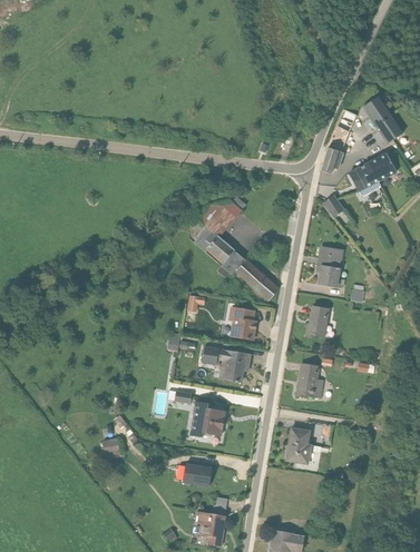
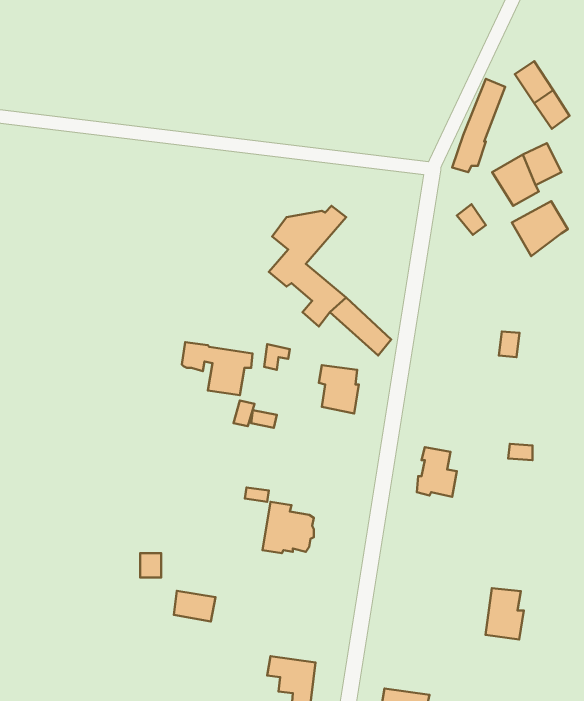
building: none -> [512,201,568,256]
building: [316,247,344,286] -> none
building: [305,306,329,336] -> none
building: [201,345,250,382] -> [182,342,253,395]
building: [285,427,312,463] -> [485,588,524,640]
building: [183,463,212,484] -> [174,591,216,621]

